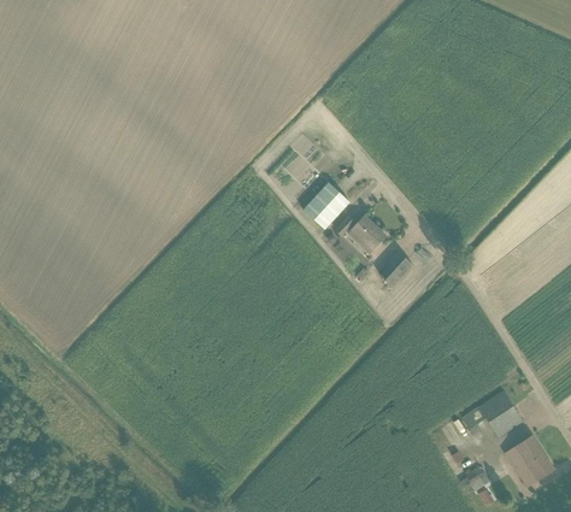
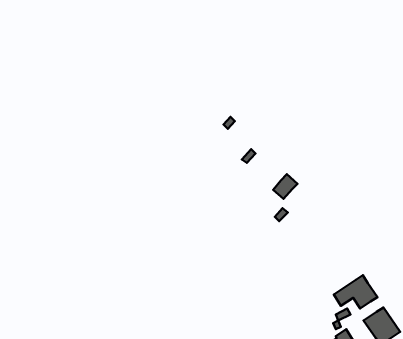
building: [302,182,349,229] -> none
building: [352,216,385,248] -> none

